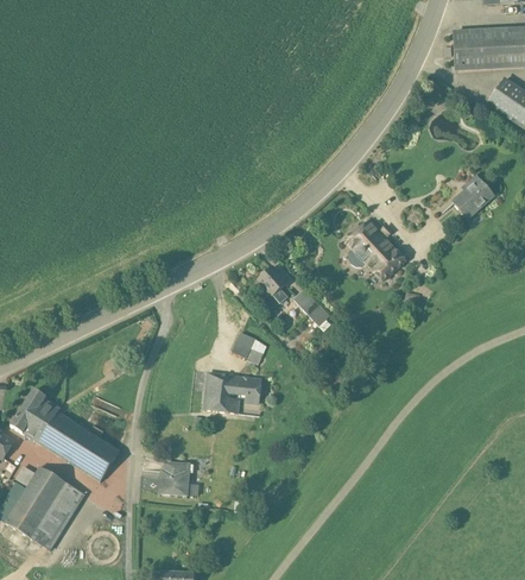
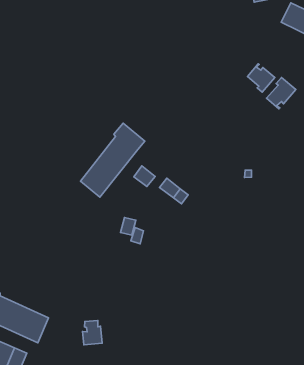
building: none -> [248,64,275,92]
building: none -> [80,123,145,197]
building: [346,219,405,279] -> none
building: [203,371,260,411] -> none

